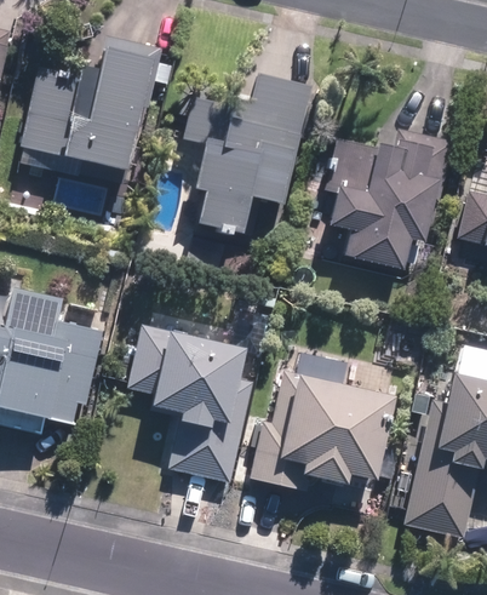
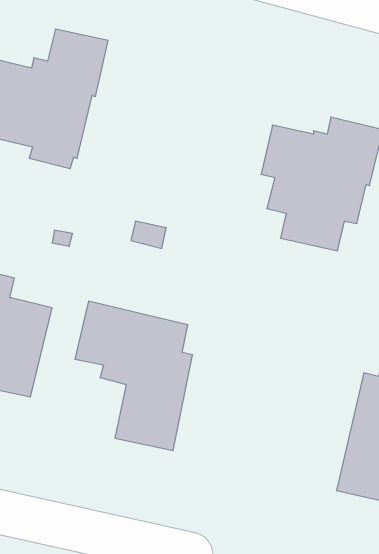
building: [183,74,310,236] -> none
building: [248,370,396,490] -> none

